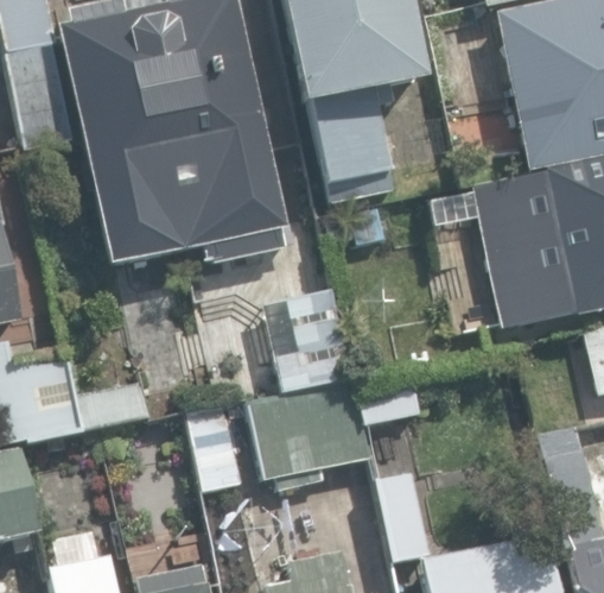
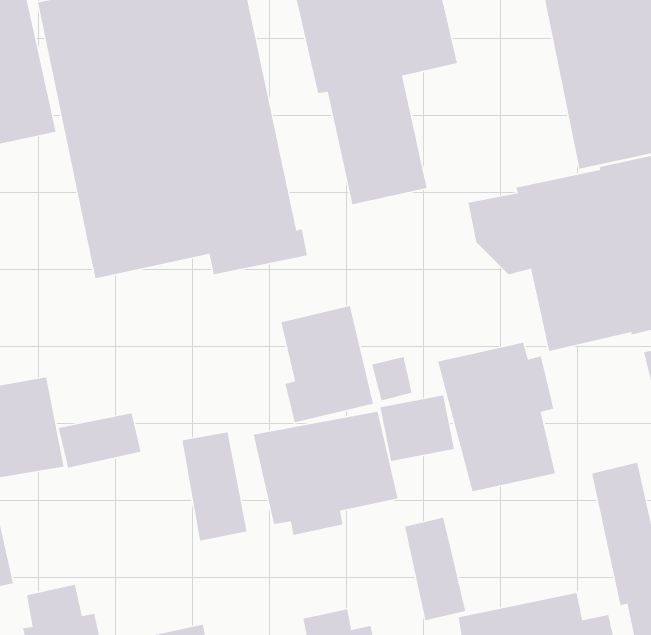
building: none -> [437,342,556,492]

